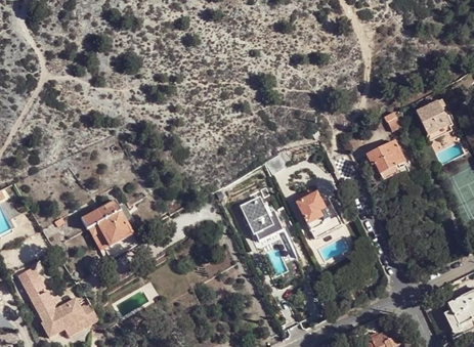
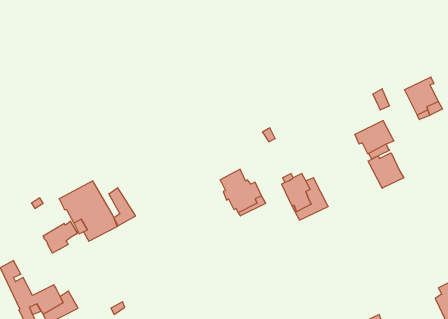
building: none -> [368,153,404,188]
building: none -> [109,188,135,226]
building: none -> [43,221,77,253]

